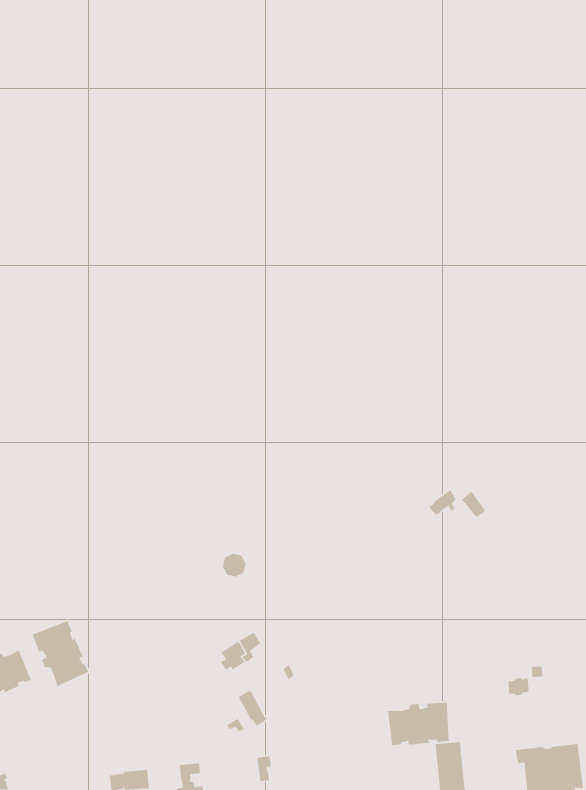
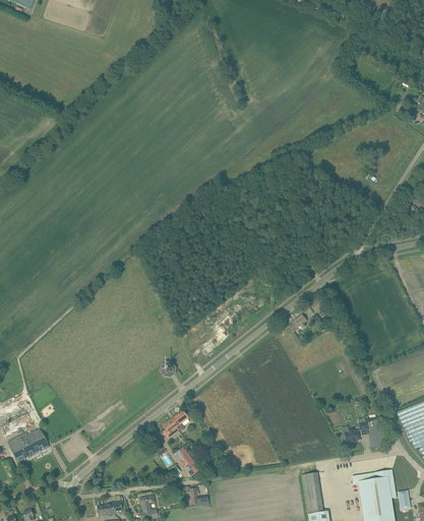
building: [31,620,89,687] -> none
building: [387,702,449,746] -> none

